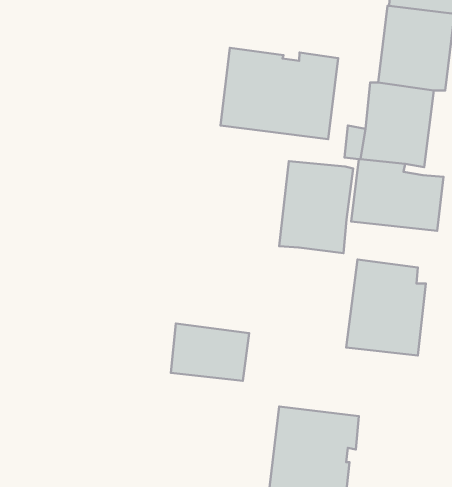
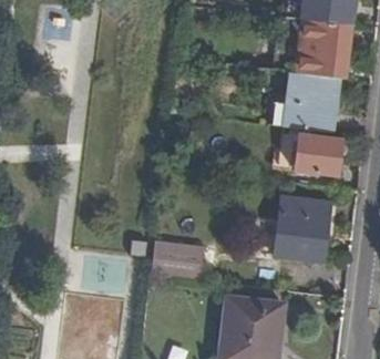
building: [220,48,338,139] -> none
building: [279,161,353,253] -> none

